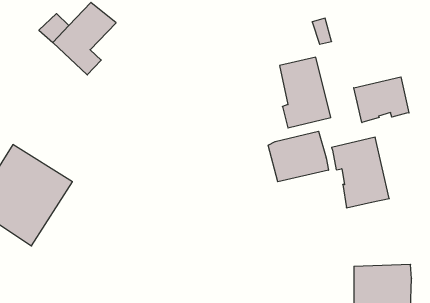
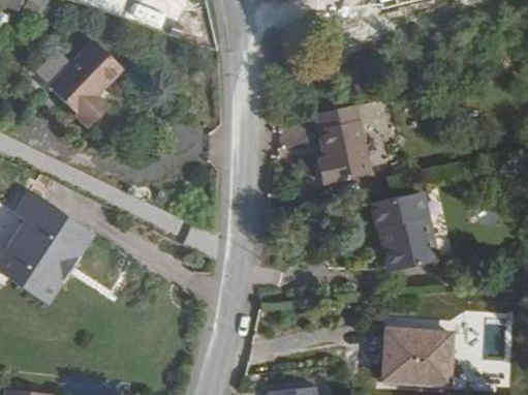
building: [354,77,409,123] -> none
building: [268,131,328,182] -> none

